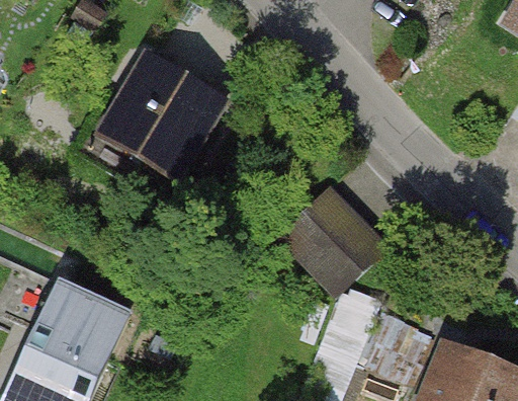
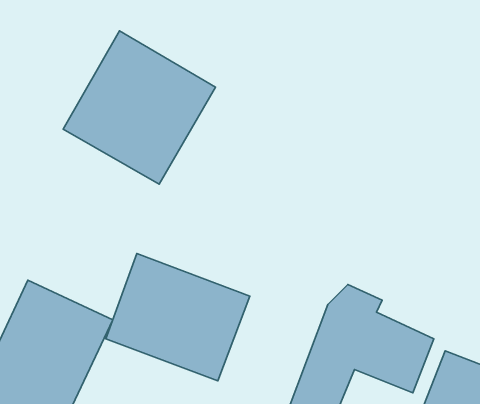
building: [274,179,391,296] -> none
building: none -> [106,254,250,381]

